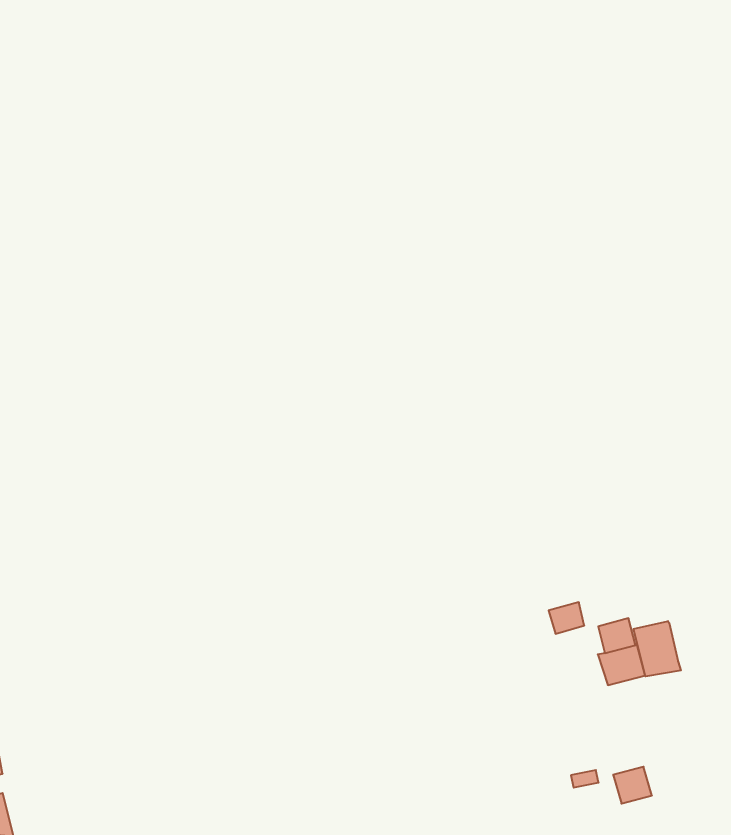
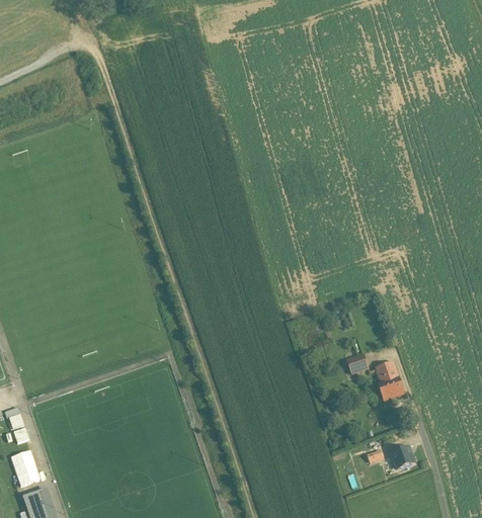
building: [634,621,681,676] -> none

